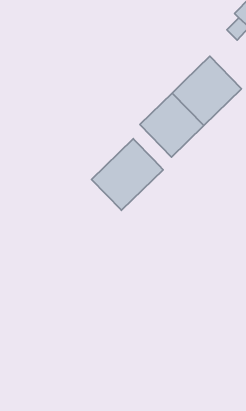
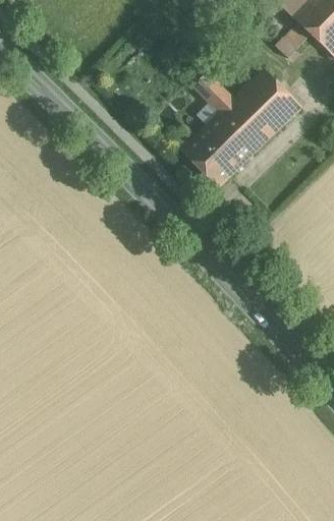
building: none -> [193,71,233,112]
building: [92,139,163,210] -> none

